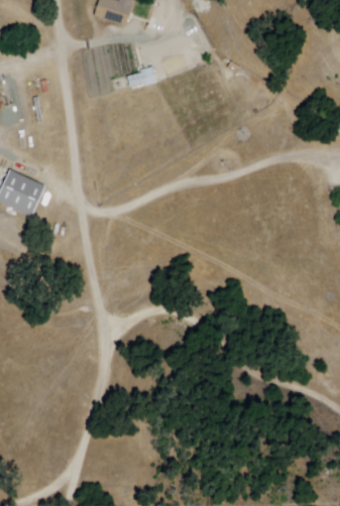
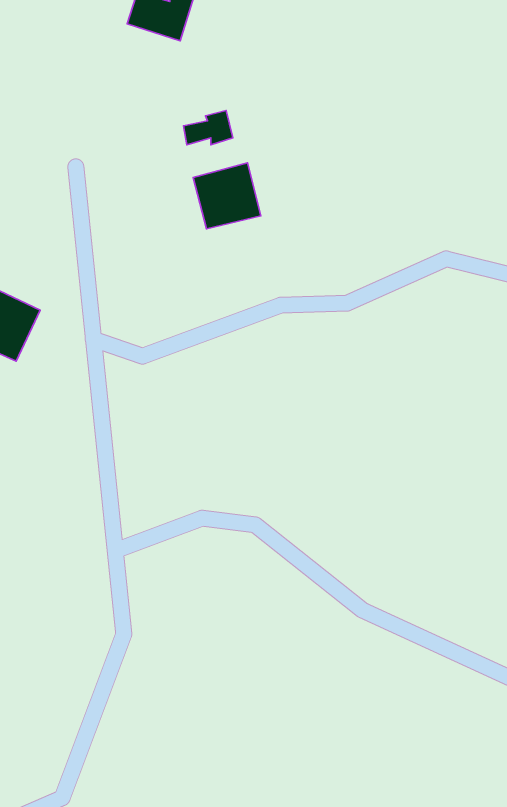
building: none -> [193,163,261,229]

